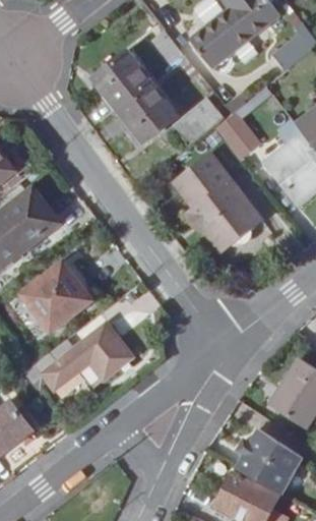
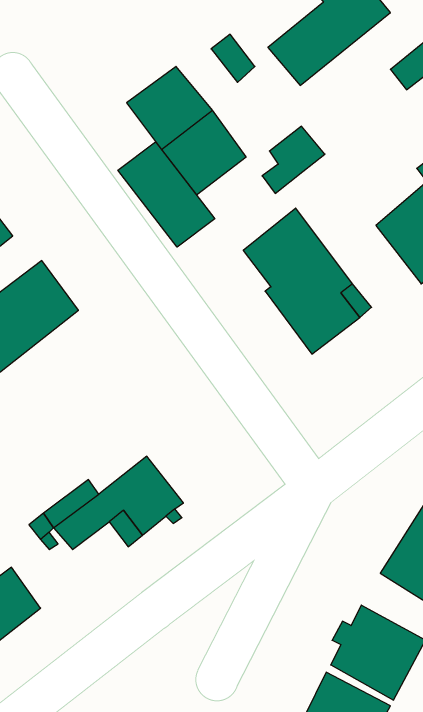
building: none -> [118,142,215,247]
building: [215,112,259,158] -> none
building: [22,265,91,333] -> none

